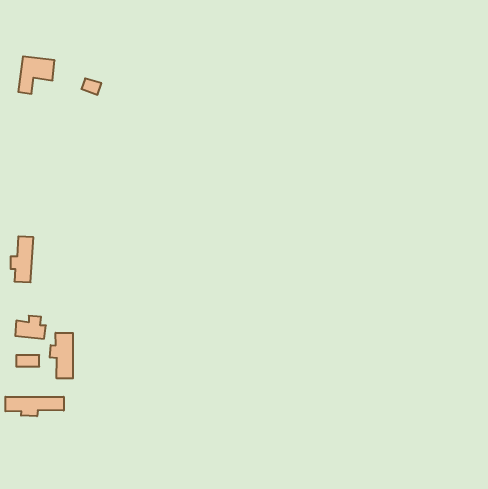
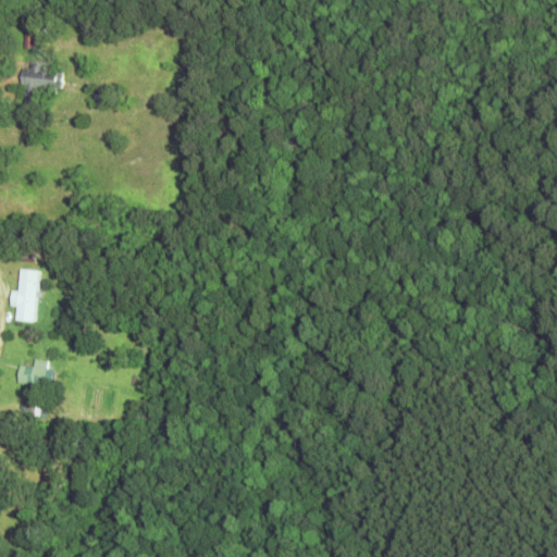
building: [50,333,73,378] -> none
building: [5,397,64,416] -> none

